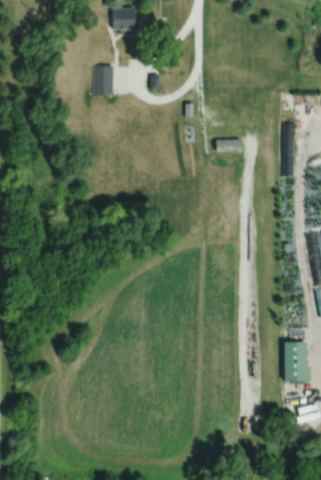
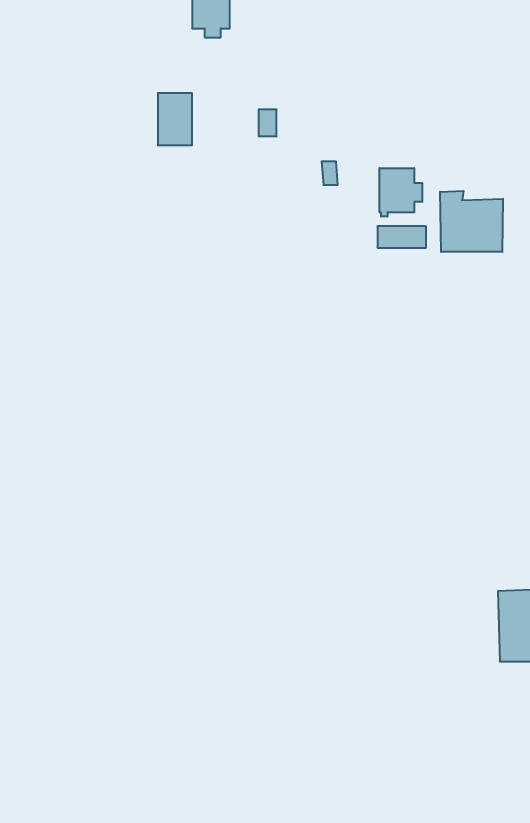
building: none -> [379,168,422,217]
building: none -> [440,191,503,252]

